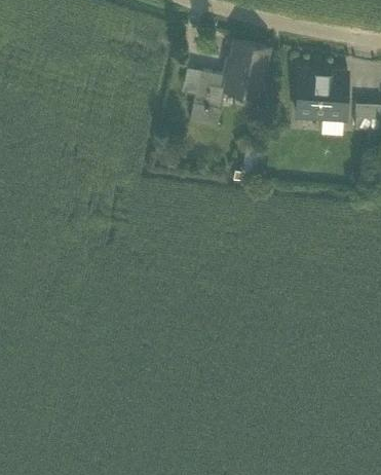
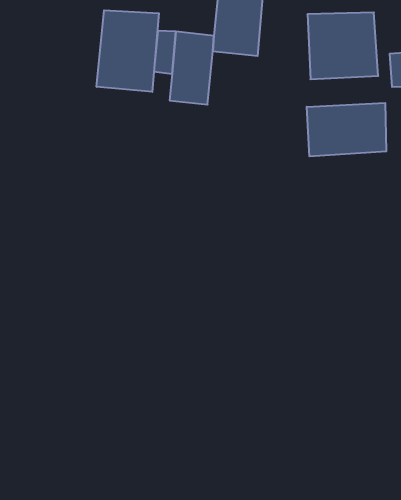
building: none -> [97,10,159,92]
building: none -> [307,103,386,156]

